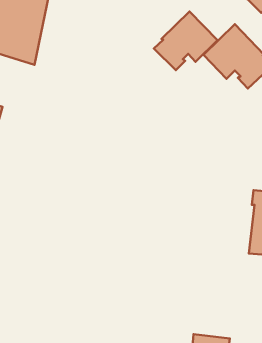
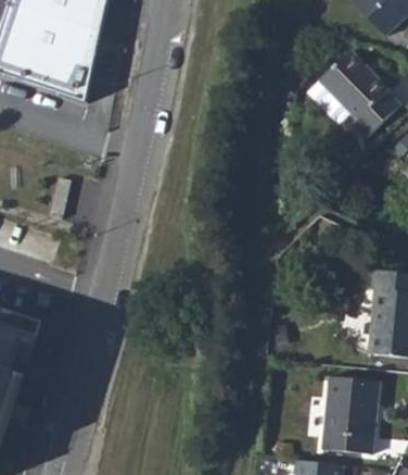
building: [154,12,217,70] -> none
building: none -> [323,374,378,452]

